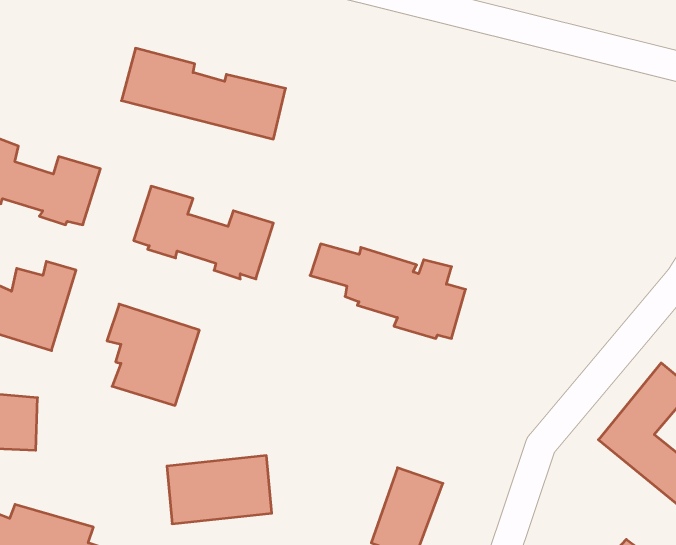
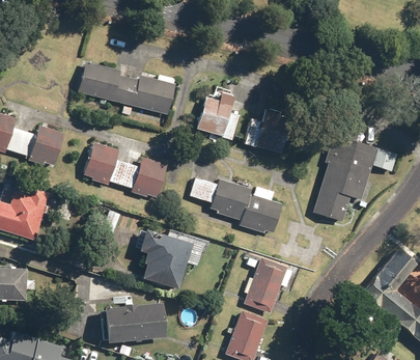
building: none -> [196,91,240,140]
building: none -> [244,110,289,154]
building: none -> [312,122,396,222]
building: [107,304,199,405] -> [138,228,193,288]
building: none -> [243,256,286,313]

